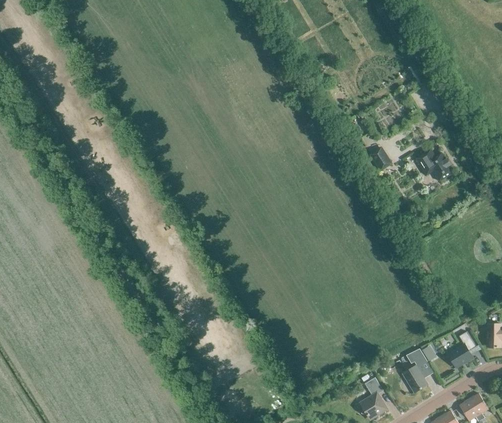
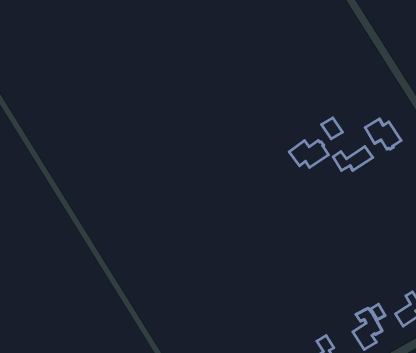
building: none -> [289,140,329,167]
building: none -> [333,146,373,171]

